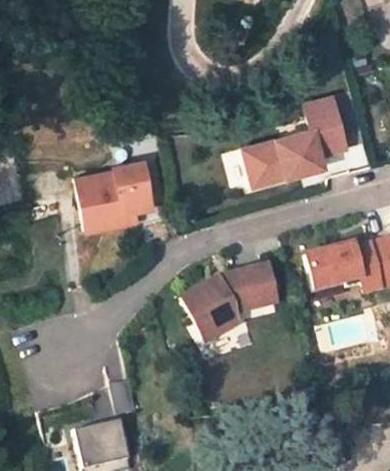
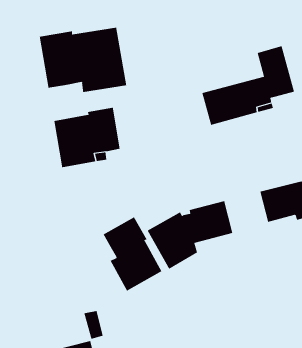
building: none -> [39,27,127,93]
building: none -> [103,216,162,291]

